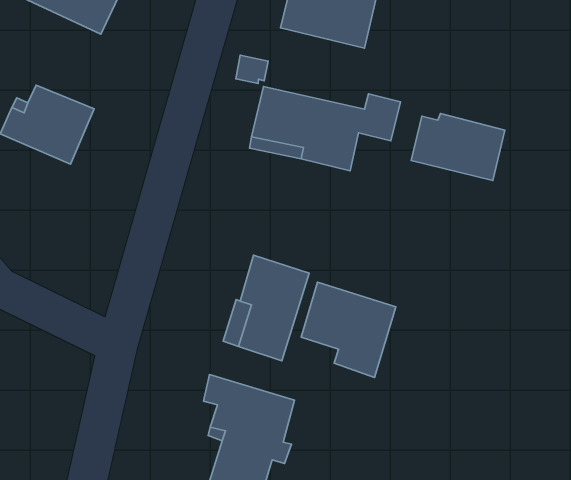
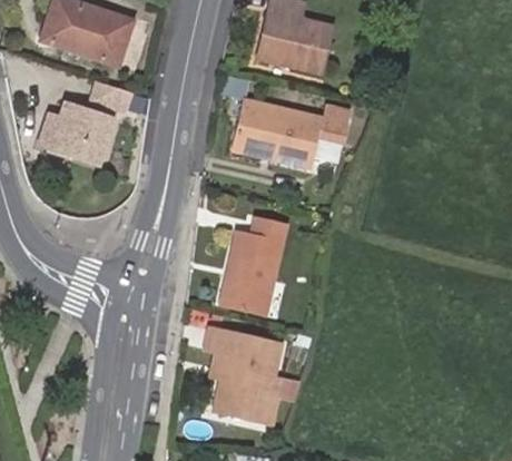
building: [411,114,505,180] -> none
building: [301,282,396,377] -> none

